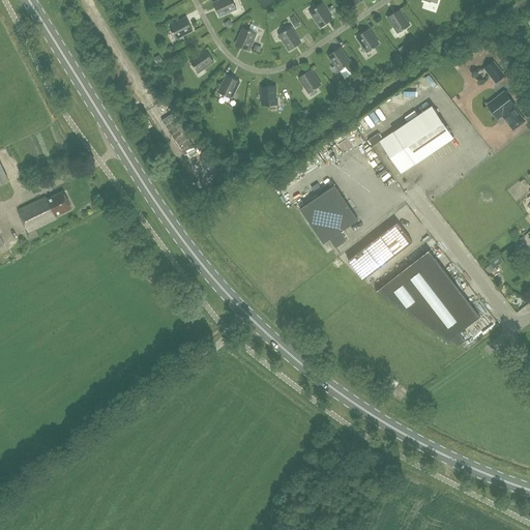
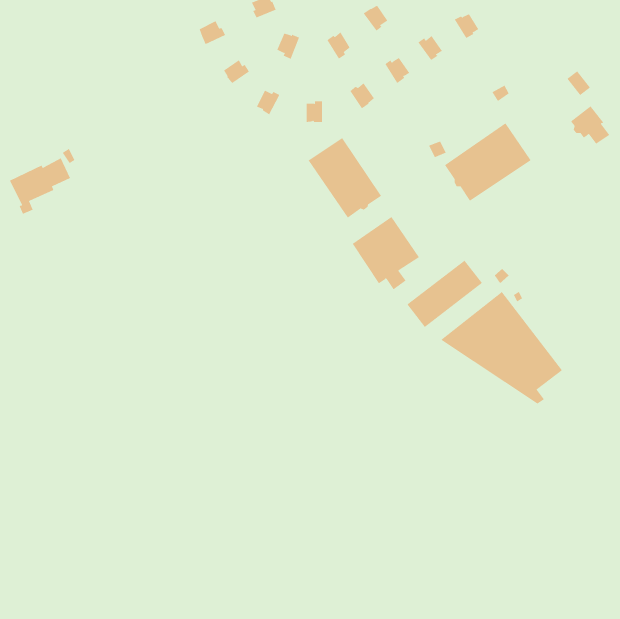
building: none -> [308,137,382,218]
building: [18,190,70,239] -> [9,158,71,215]

